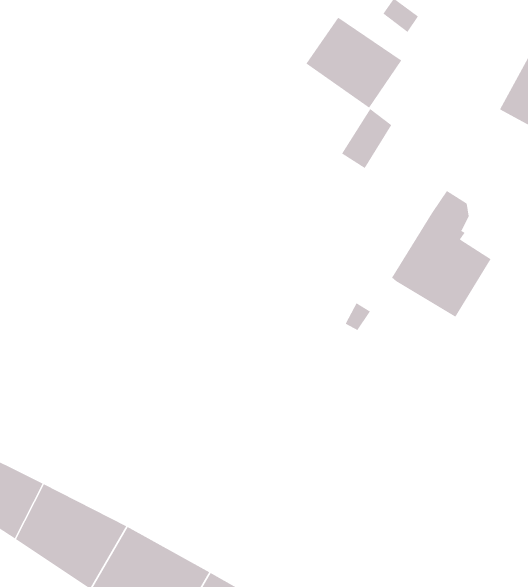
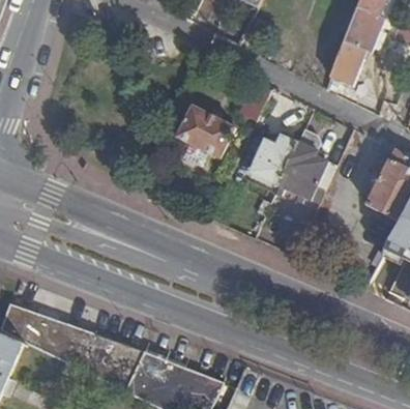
building: [306,17,402,109] -> [177,104,234,155]
building: none -> [250,133,297,182]

